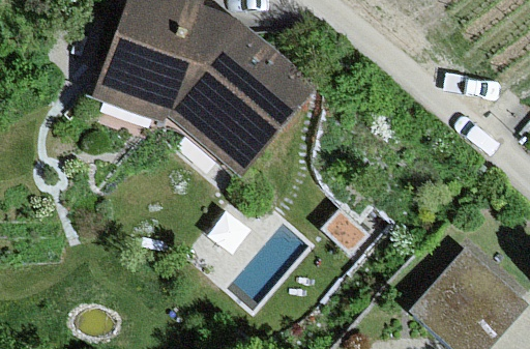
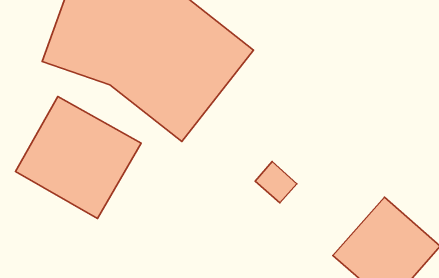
building: none -> [15,97,141,219]

